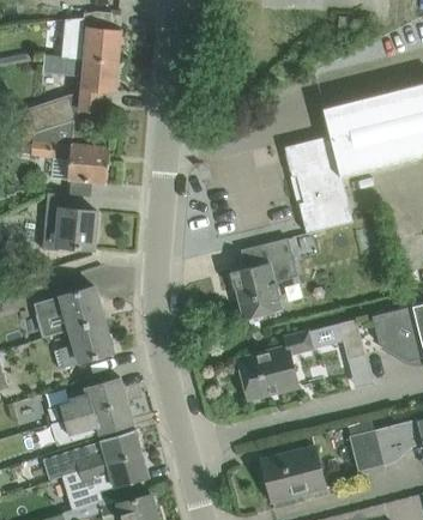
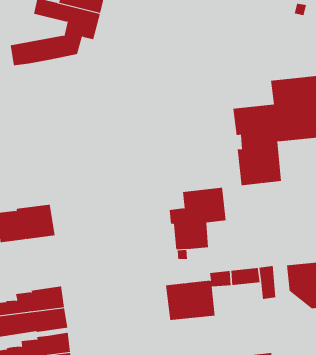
building: [20,121,110,183] -> none
building: [42,207,96,255] -> none
building: [54,321,113,368] -> none

